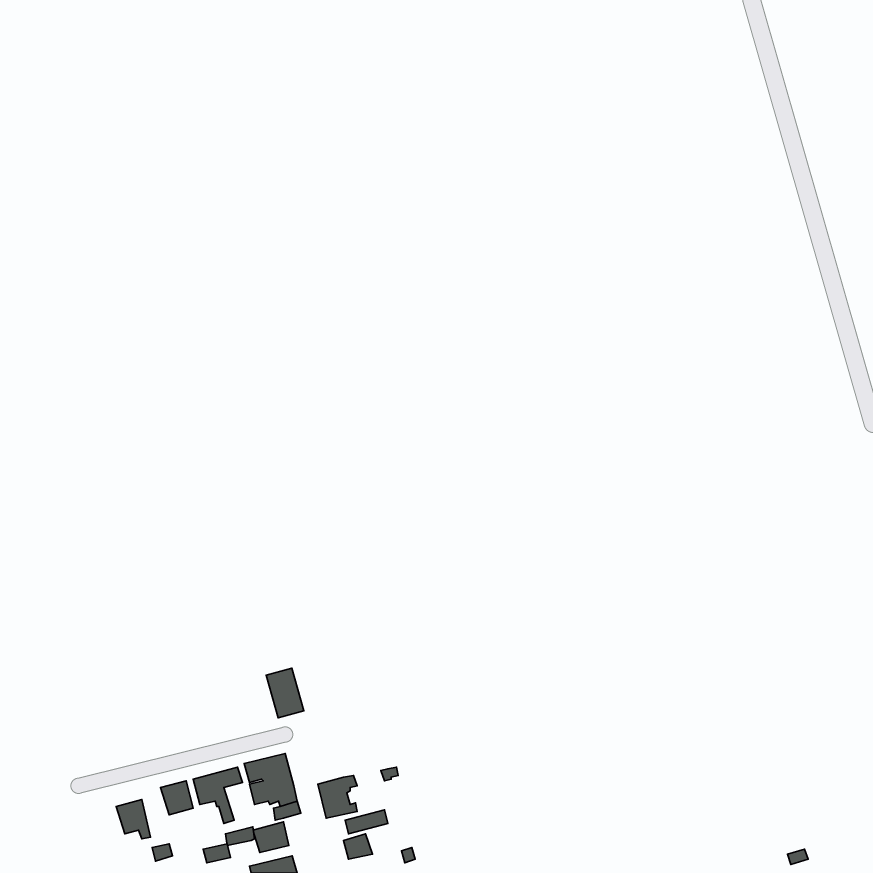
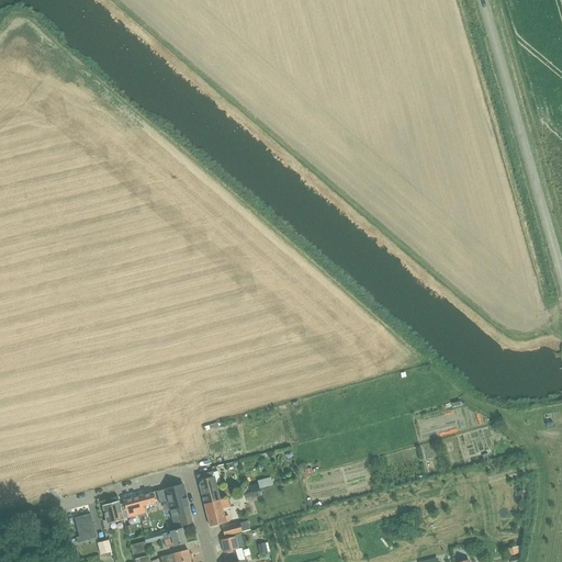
building: [266,668,304,718] -> [196,472,221,504]

